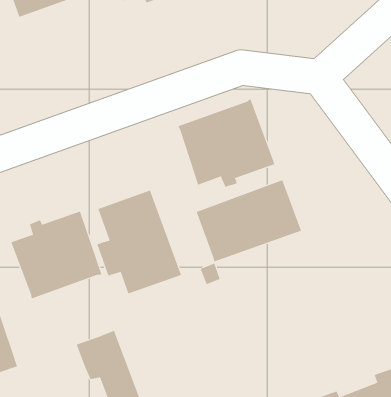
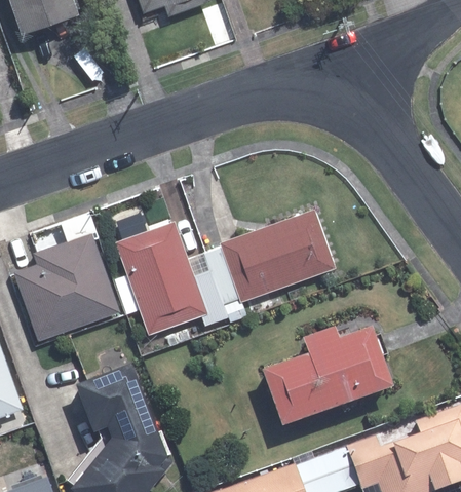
building: [177,99,275,187] -> none
building: none -> [260,327,390,424]

